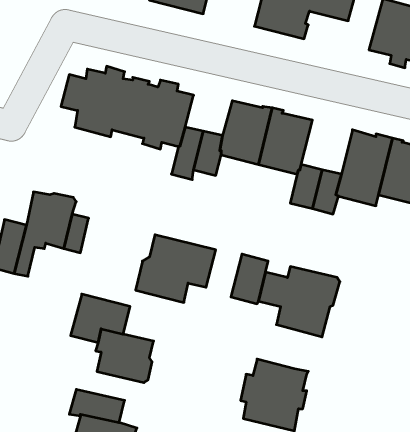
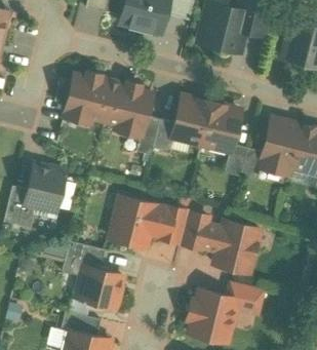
building: none -> [161,207,189,243]
building: none -> [228,281,264,306]

